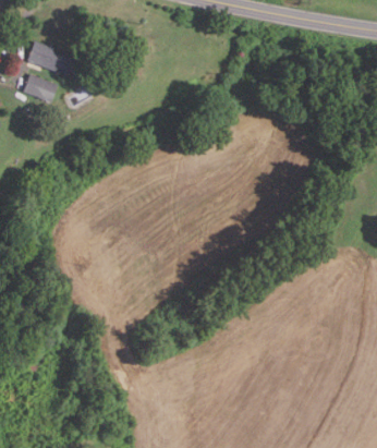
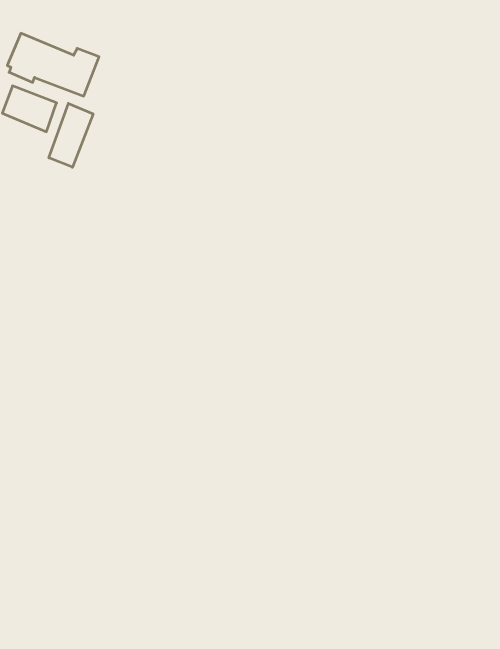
building: none -> [49,103,93,167]

